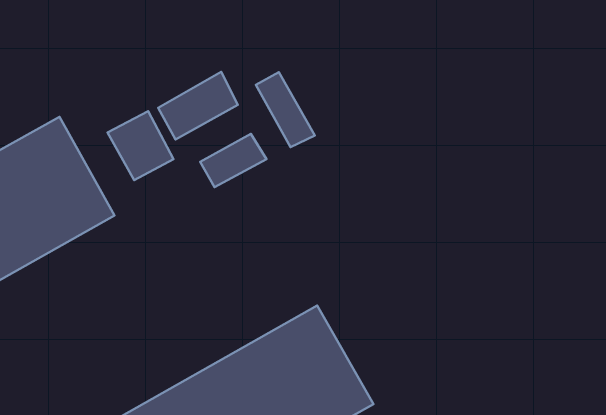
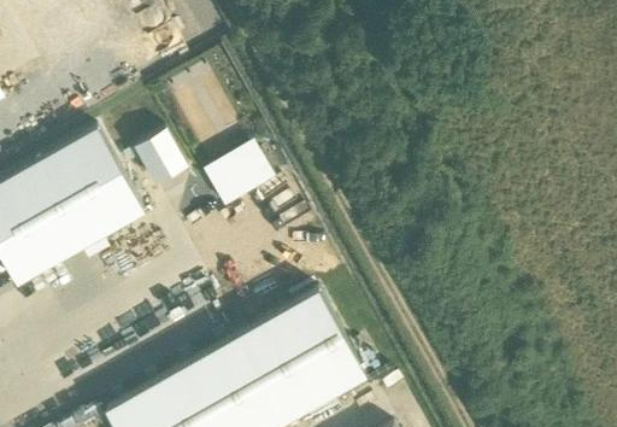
building: [158,72,238,140] -> none
building: [256,72,315,147] -> none

